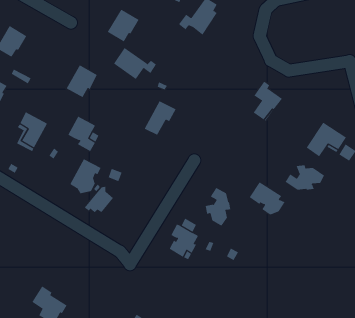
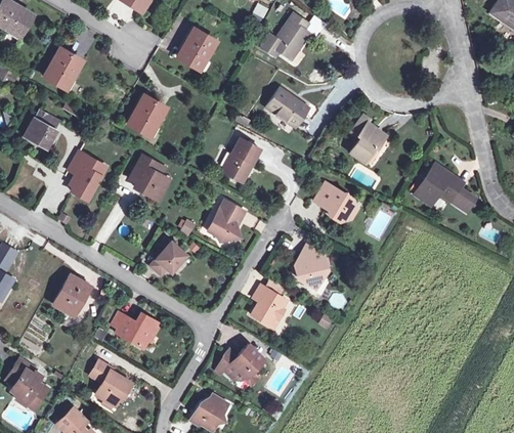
building: [113,47,157,80] -> [267,88,319,127]
building: [70,159,101,194] -> [207,200,245,242]
building: [285,164,325,191] -> none
building: [249,182,286,215] -> [313,182,357,222]
building: none -> [54,273,90,314]
building: none -> [109,312,158,348]
building: none -> [217,344,264,386]

